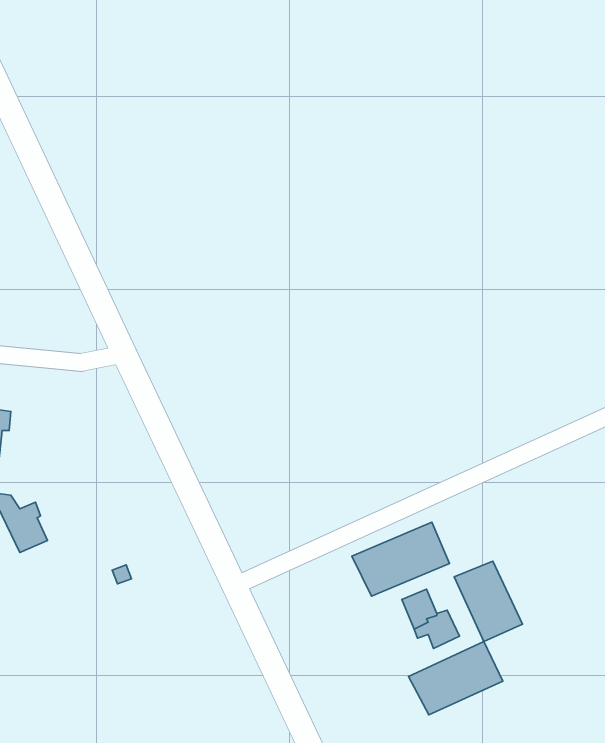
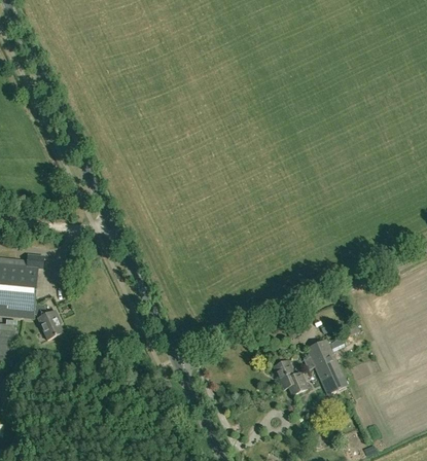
building: [352,522,450,596] -> none
building: [409,641,503,715] -> none

